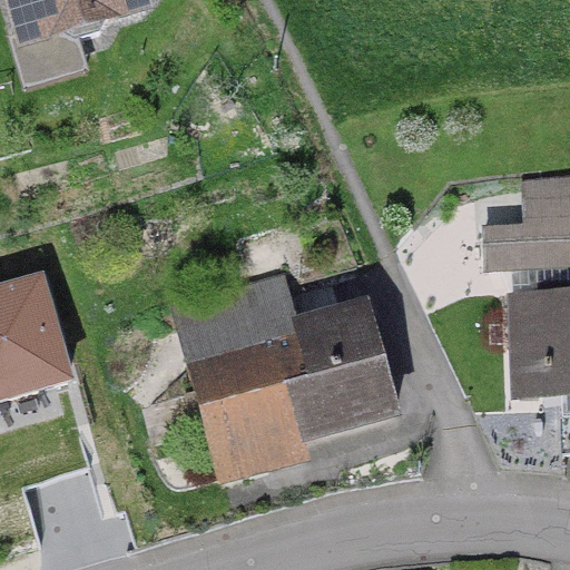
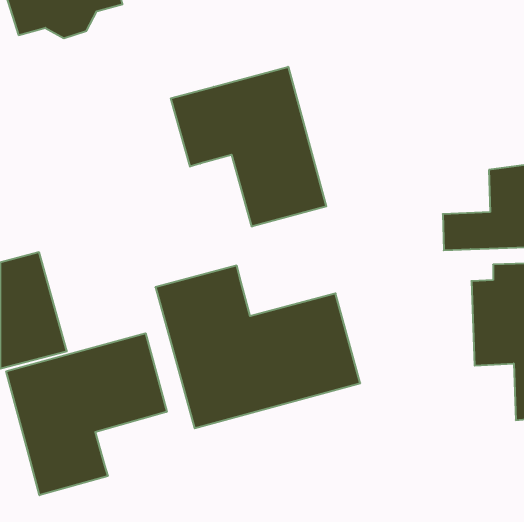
building: none -> [171,67,326,227]
building: none -> [6,333,167,495]

